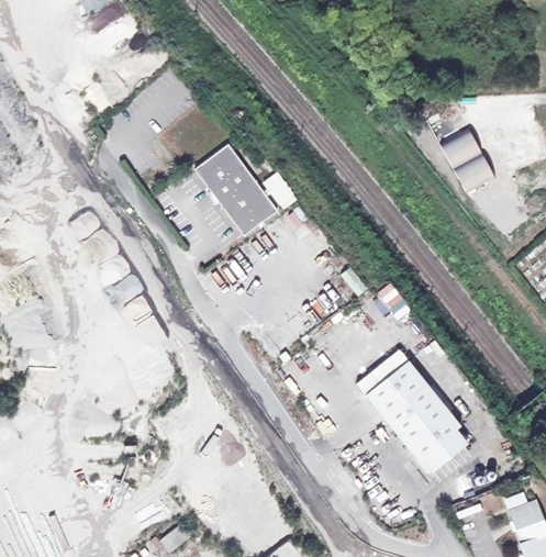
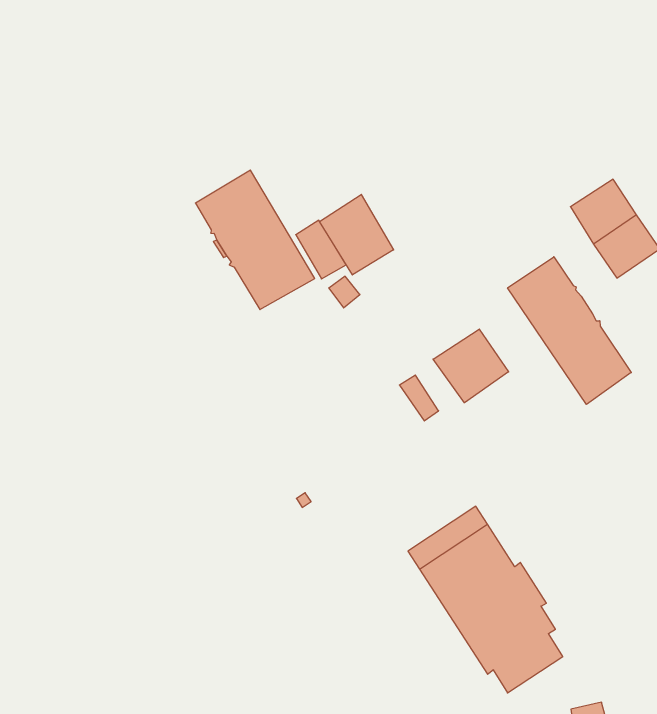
building: none -> [319,194,394,275]
building: none -> [508,257,631,404]
building: none -> [433,329,509,403]

